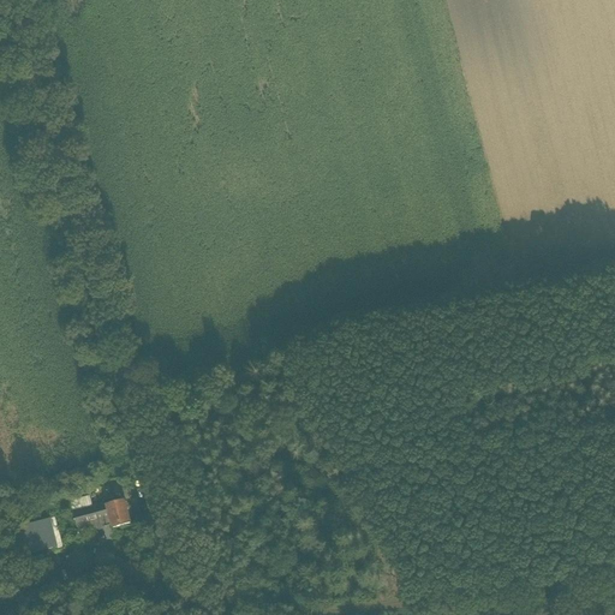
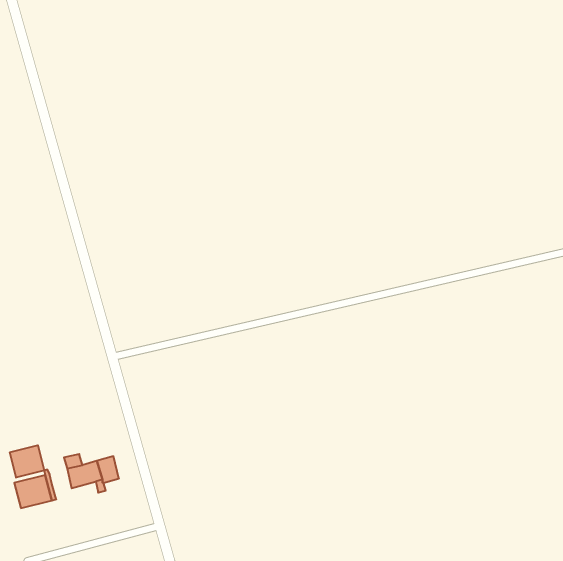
building: none -> [10,445,44,478]

